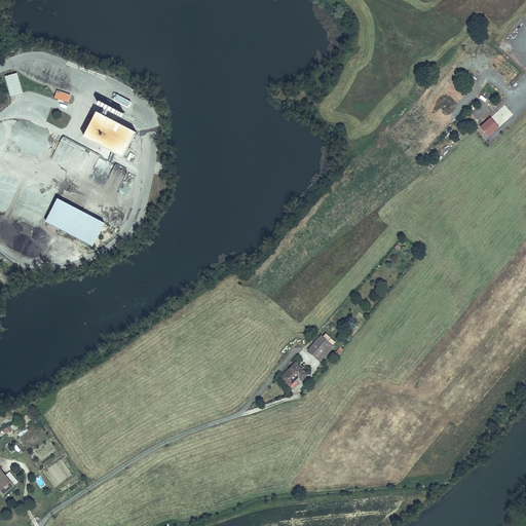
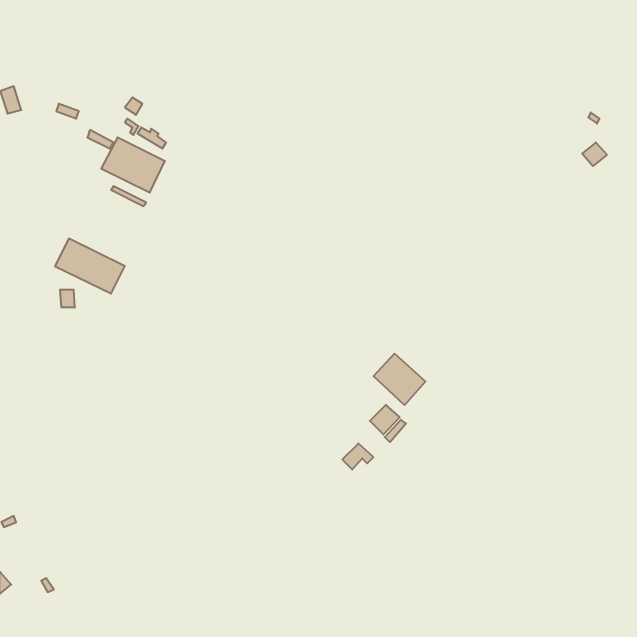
building: none -> [374,354,425,405]

